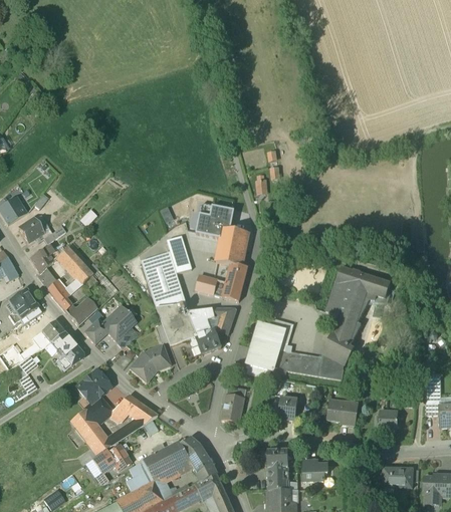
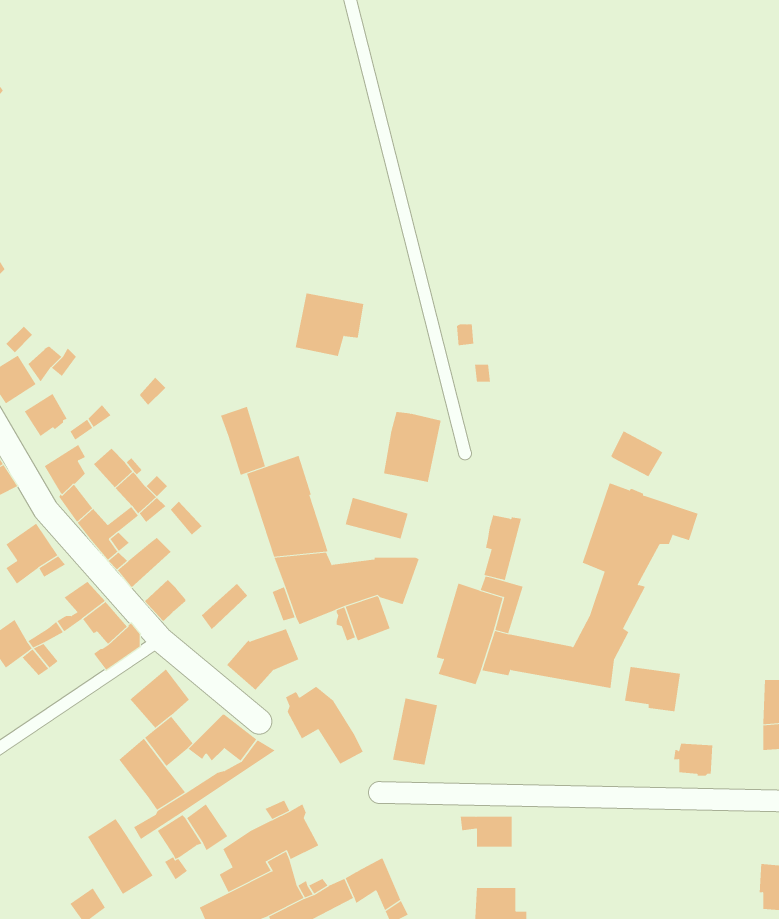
building: [196,203,234,238] -> [295,293,364,357]
building: [166,235,191,273] -> [220,406,266,476]
building: none -> [611,431,663,477]
building: [226,264,247,300] -> [483,515,522,581]
building: [102,306,136,339] -> none
building: [278,397,297,420] -> none
building: [326,399,358,424] -> [624,666,681,712]
building: [172,437,215,480] -> [285,686,363,765]
building: none -> [87,818,153,895]
building: [302,459,327,480] -> none
building: [382,466,412,486] -> none
building: [267,467,288,489] -> none

